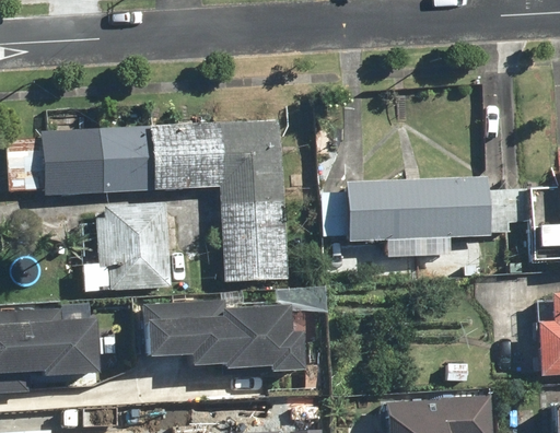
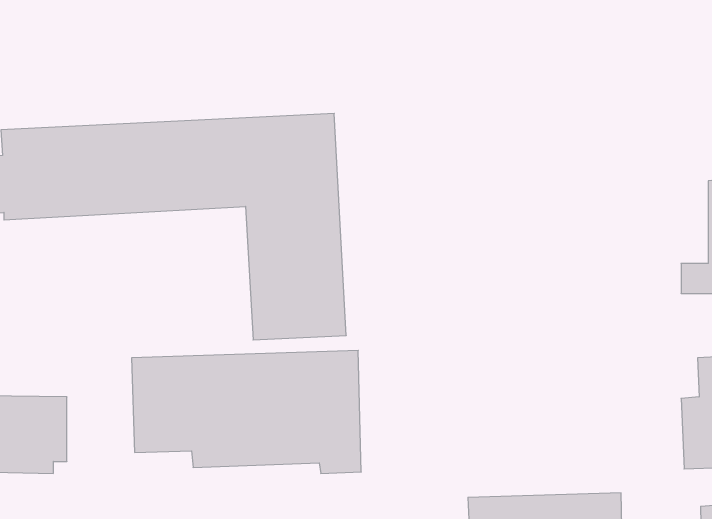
building: [323,179,514,244] -> none
building: [83,202,171,292] -> none

